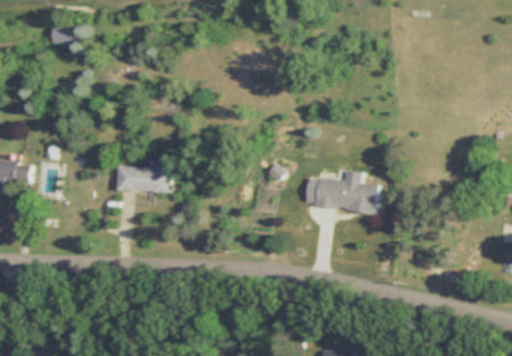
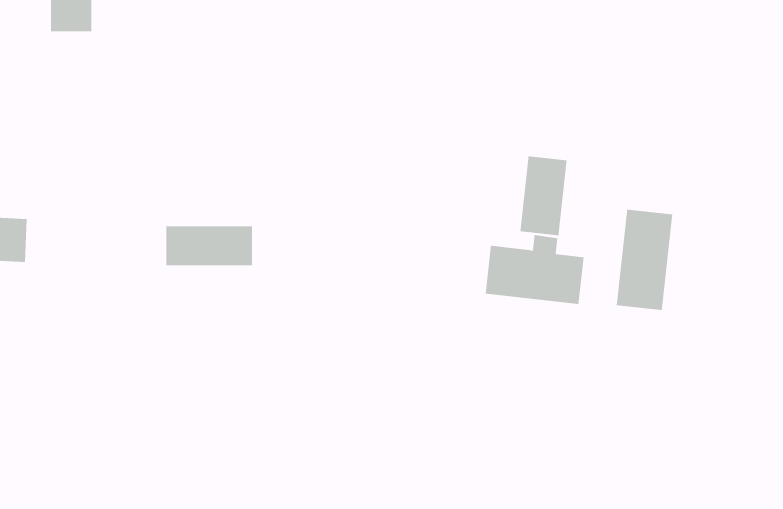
building: none -> [520,156,567,236]
building: none -> [616,209,673,311]

